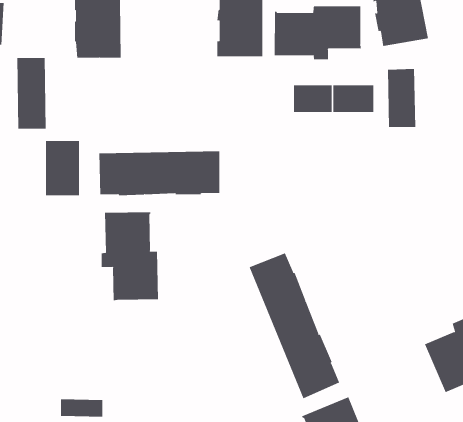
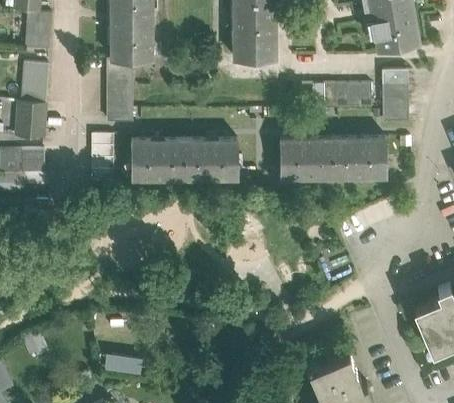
building: [274,5,361,60] -> none
building: [16,57,46,129] -> [109,60,135,122]
building: none -> [280,138,385,175]
building: [101,212,158,301] -> none
building: [249,252,340,399] -> none

